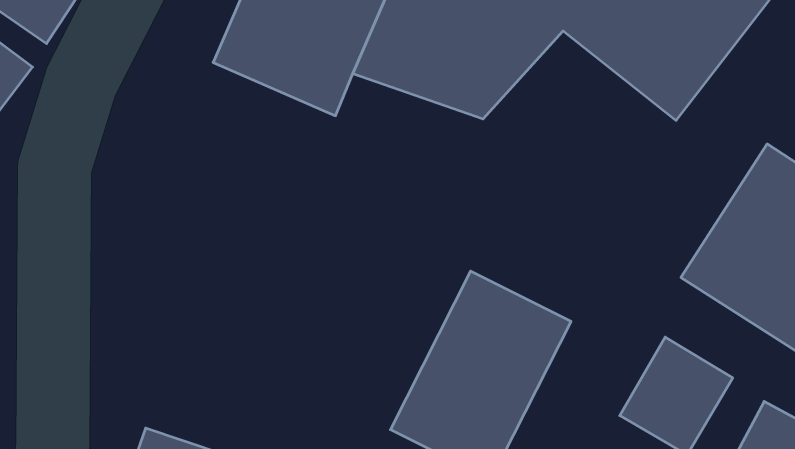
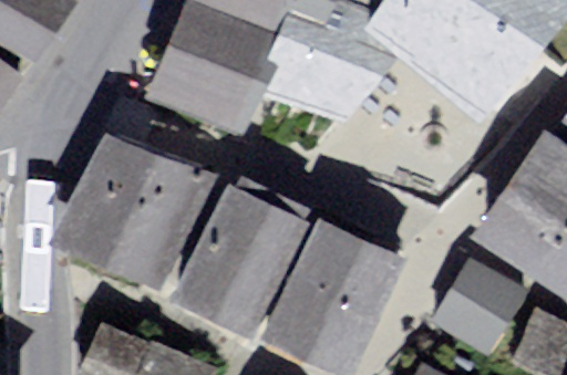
building: none -> [72,142,205,275]
building: none -> [186,194,310,330]

